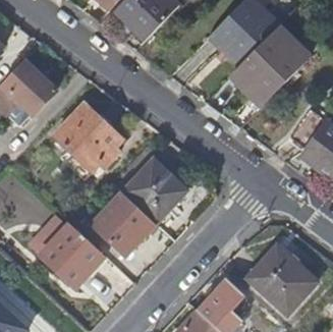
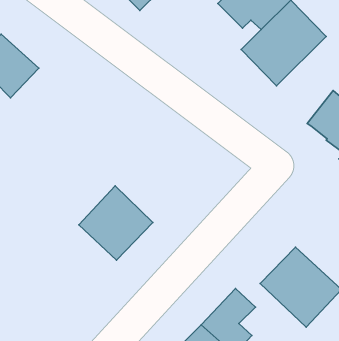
building: [54,103,123,171] -> none
building: [122,159,186,224] -> none
building: [40,222,106,287] -> none

